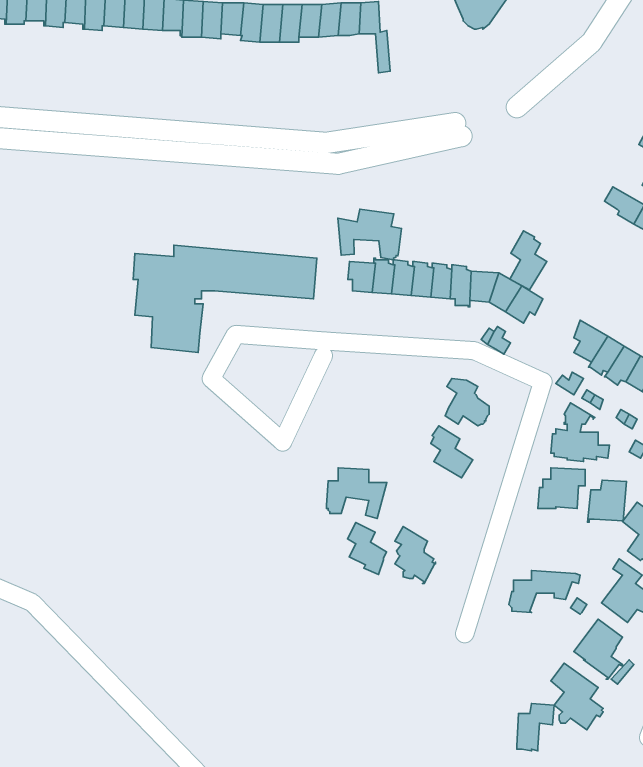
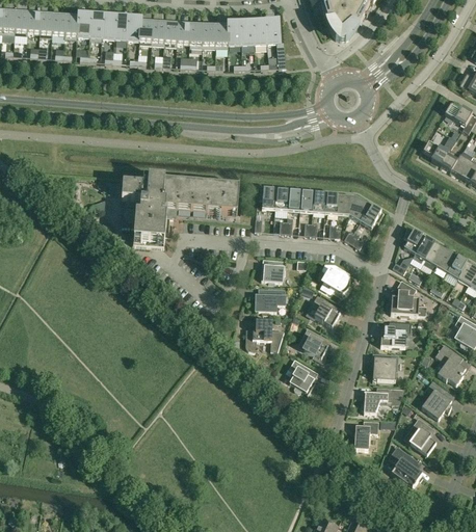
building: [338,209,402,260] -> none
building: [510,231,547,290] -> none
building: none -> [261,259,286,282]
building: none -> [256,288,285,314]
building: [587,480,626,522] -> [372,353,397,380]
building: [348,523,387,575] -> [302,327,327,361]
building: [517,704,554,751] -> [354,419,378,449]

